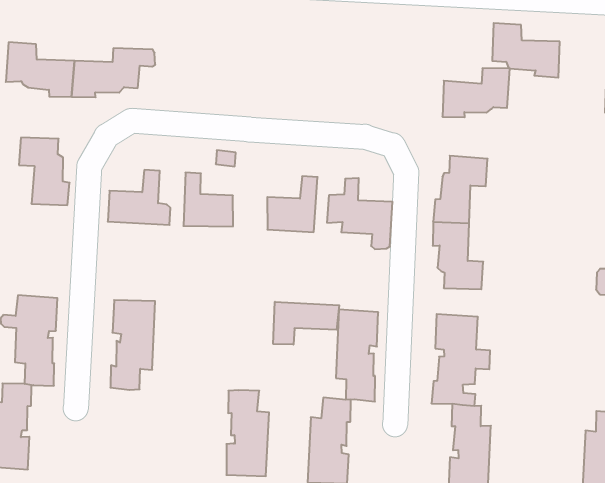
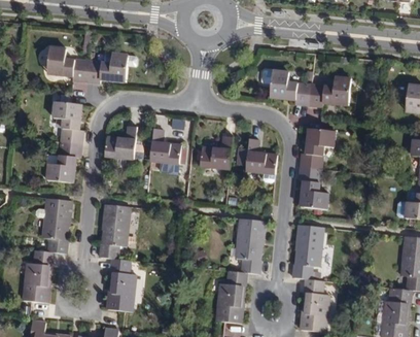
building: [492,23,560,78] -> [270,70,311,105]
building: none -> [44,143,80,184]
building: [273,302,339,345] -> none
building: [226,390,269,476] -> [107,259,135,311]

